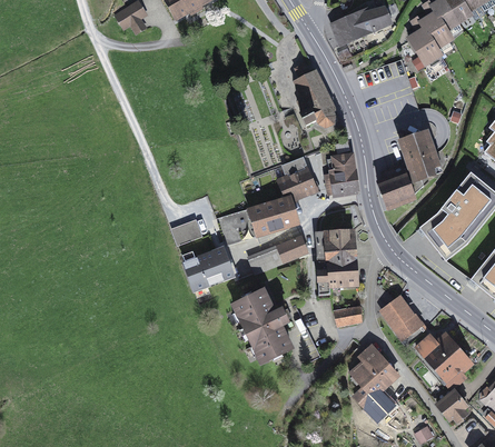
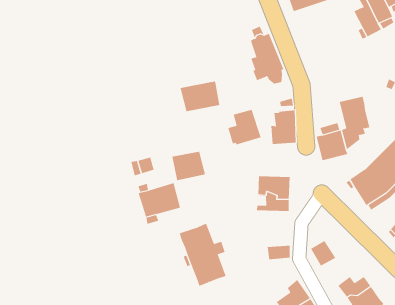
building: [249,197,296,235] -> [180,81,220,112]
building: [250,236,308,271] -> none
building: [318,268,357,295] -> none
building: [396,314,427,345] -> none

